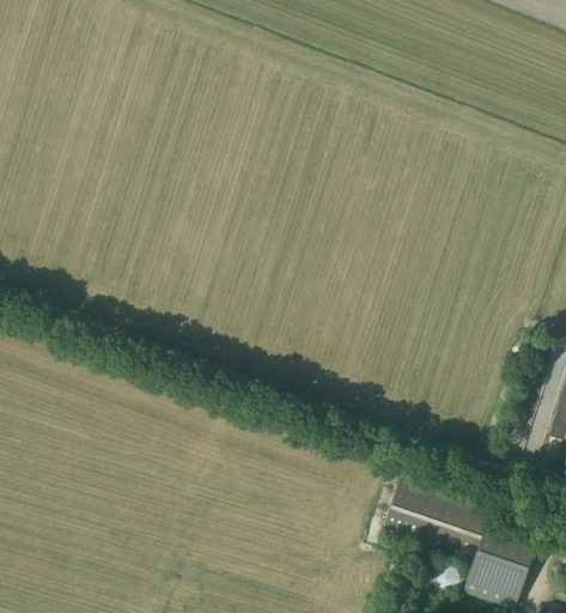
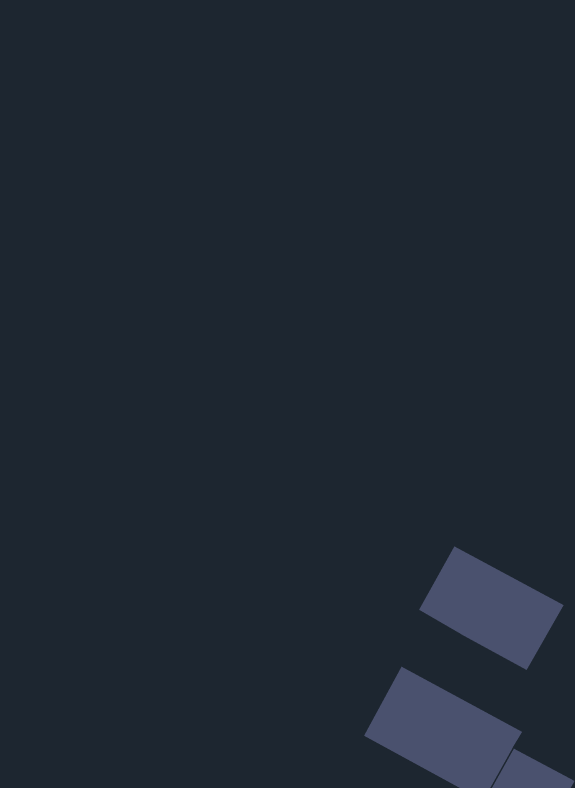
building: none -> [418,545,564,671]

